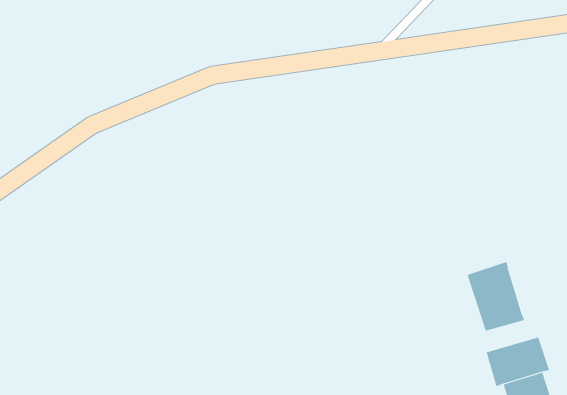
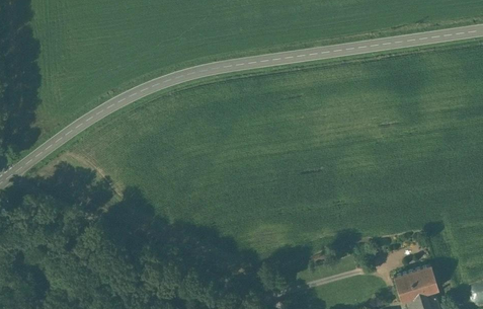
building: [467,261,525,332] -> none

